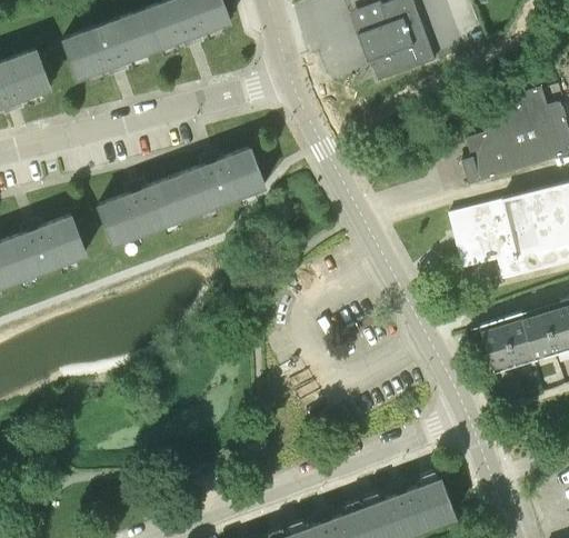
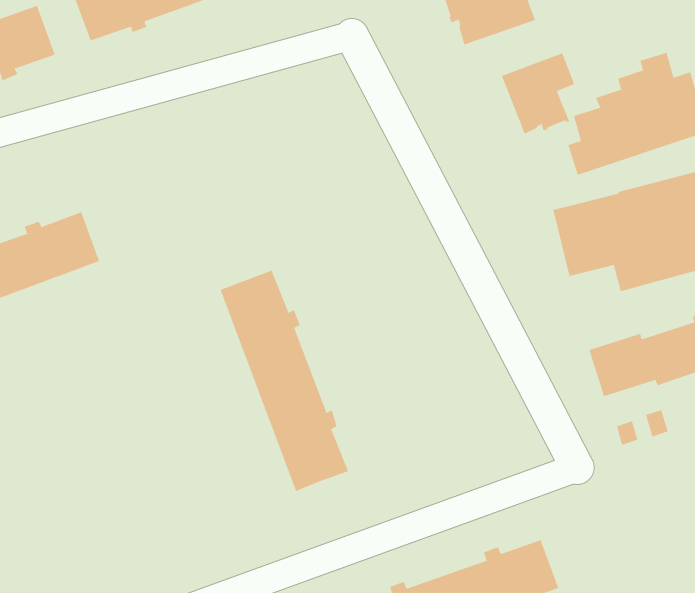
building: none -> [501,53,575,134]
building: [98,149,264,245] -> none
building: none -> [220,270,349,492]

